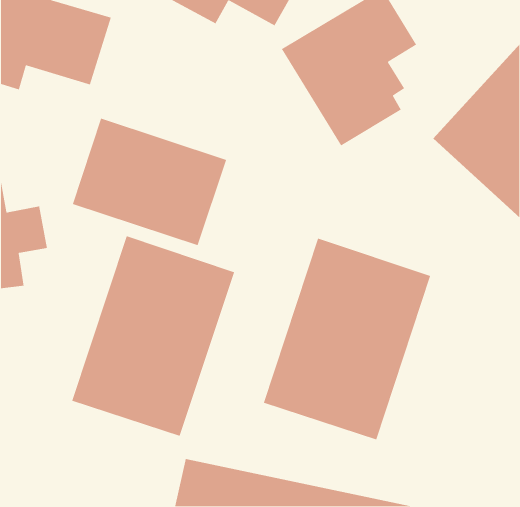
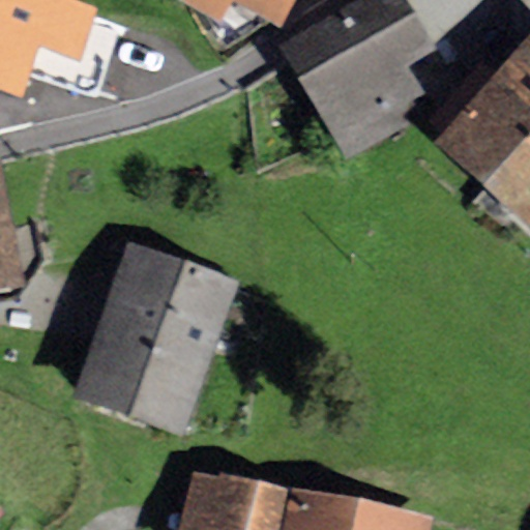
building: [72,117,227,246] -> none
building: [263,237,431,440] -> none

